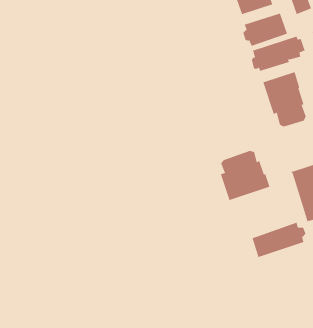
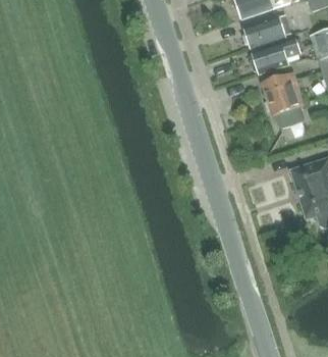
building: [220,150,270,201] -> none
building: [252,222,306,258] -> none

